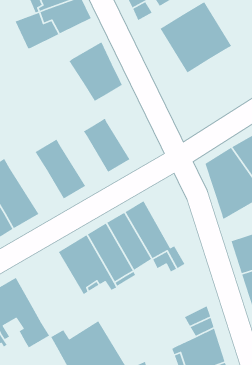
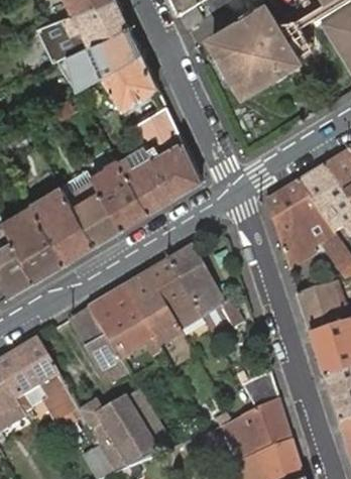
building: none -> [55,25,141,93]
building: none -> [132,106,201,196]
building: none -> [92,159,148,228]
building: none -> [30,188,95,262]
building: none -> [69,308,126,383]

